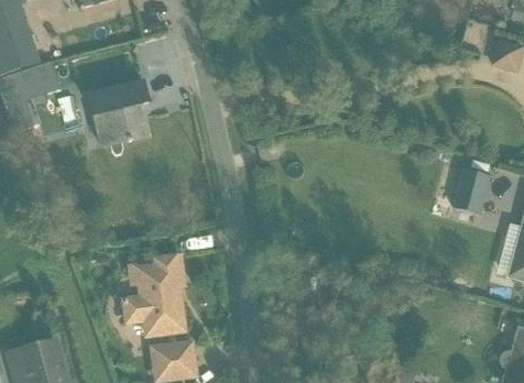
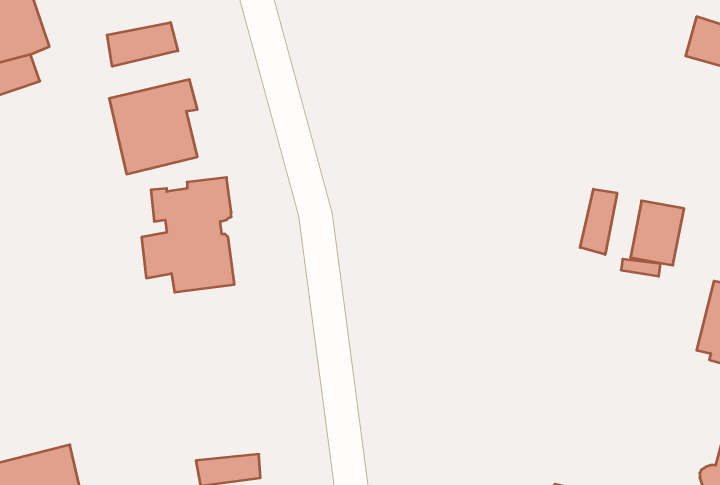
building: none -> [107,22,178,66]
building: none -> [580,189,617,255]
building: [121,254,186,335] -> [142,177,234,292]

